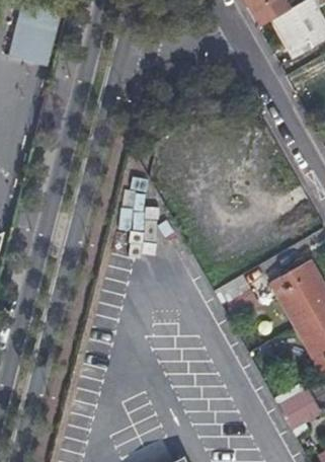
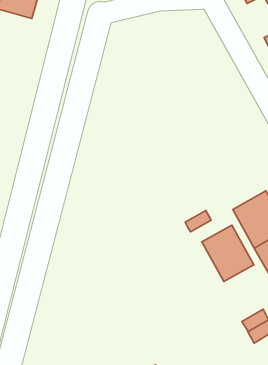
building: none -> [202,225,254,281]

